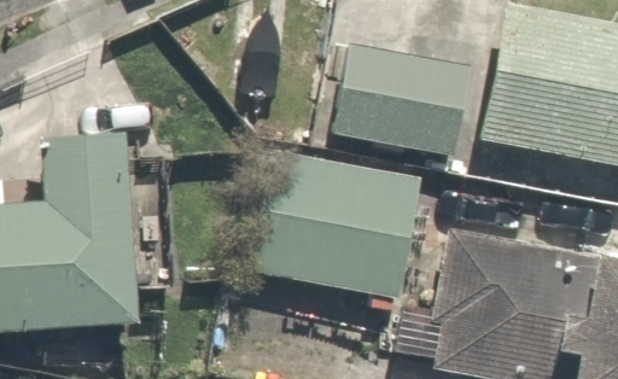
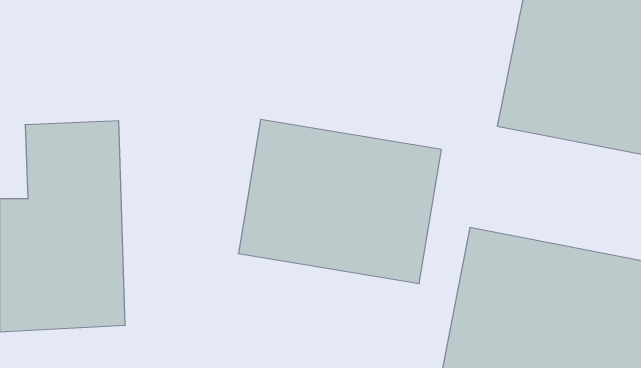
building: [345,42,482,158] -> none

